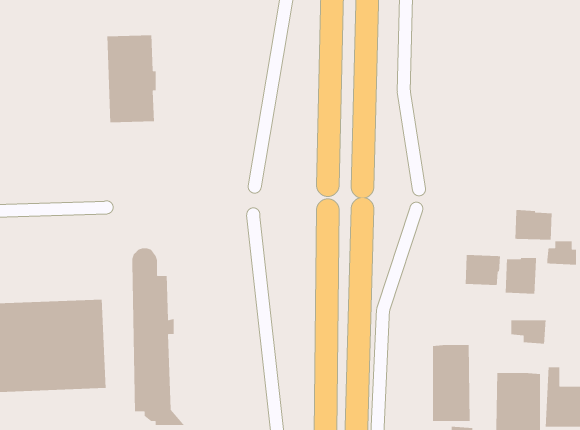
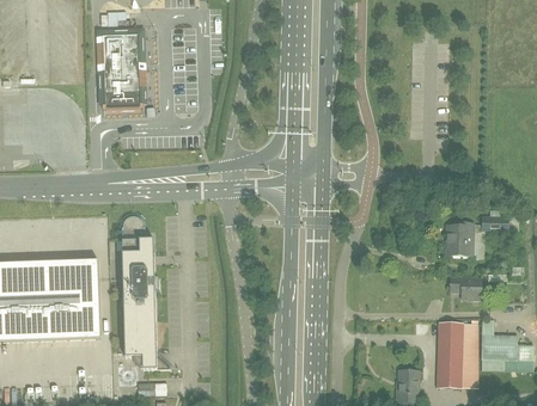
building: [515,209,553,241] -> none
building: [465,254,501,286] -> none
building: [432,344,471,422] -> none

